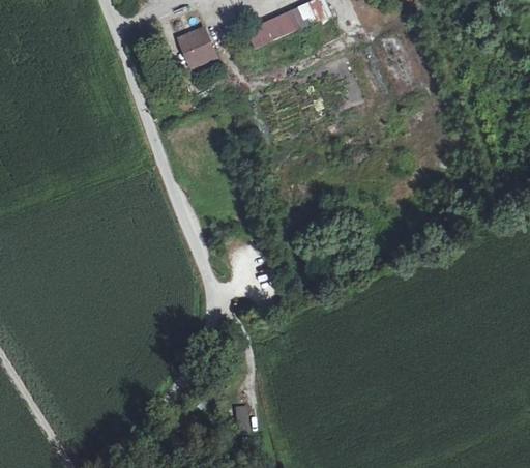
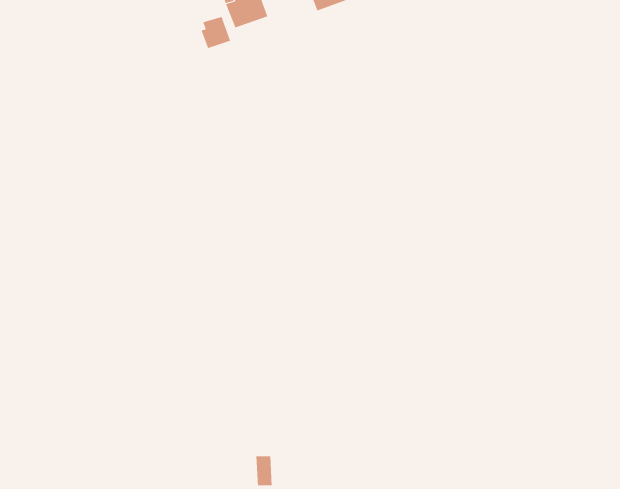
building: none -> [201,16,231,49]

